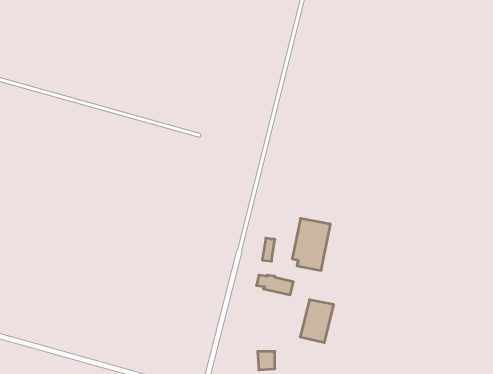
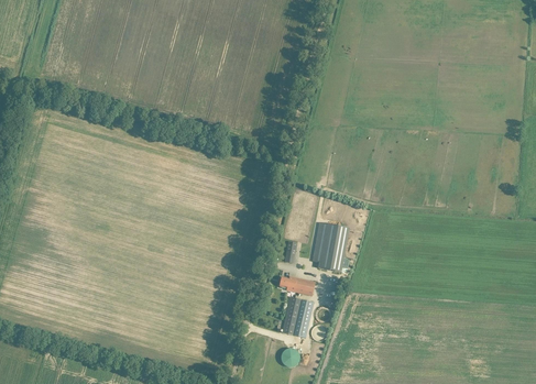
building: [300,300,334,343] -> [281,297,313,338]

